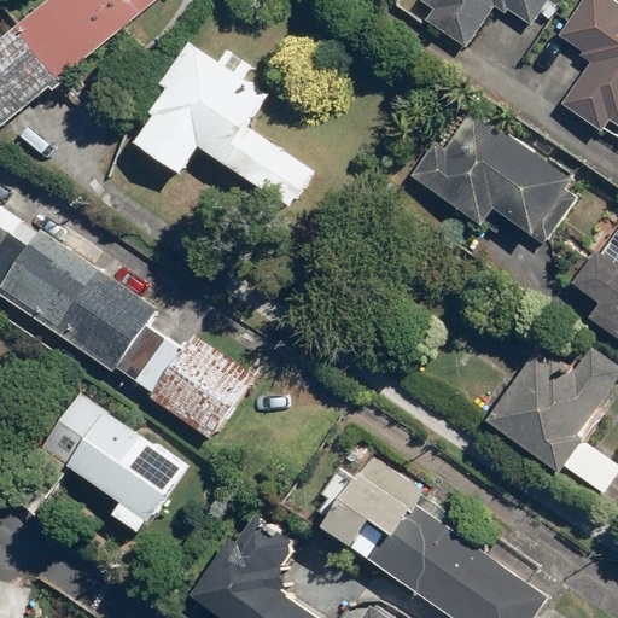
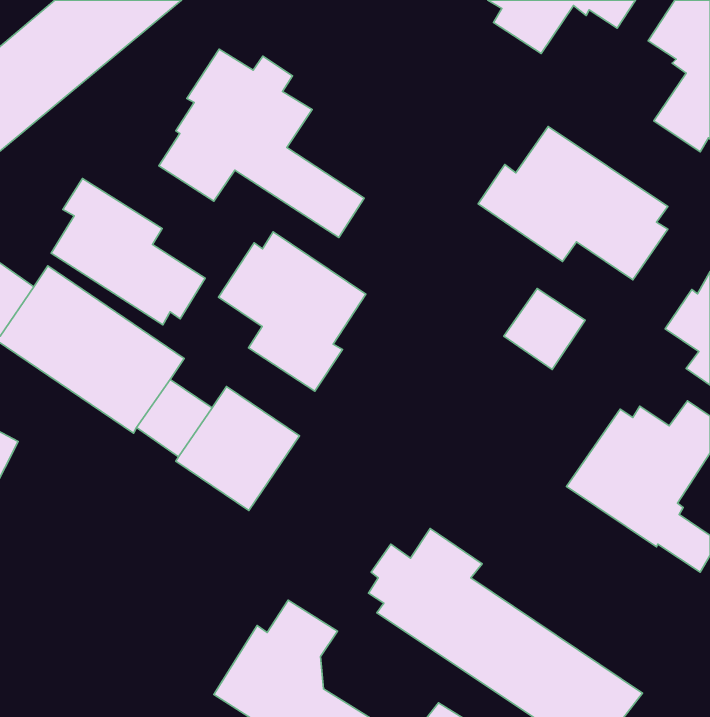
building: none -> [51,178,205,325]
building: none -> [219,232,366,391]
building: none -> [504,288,585,369]
building: [18,392,188,534] -> none

